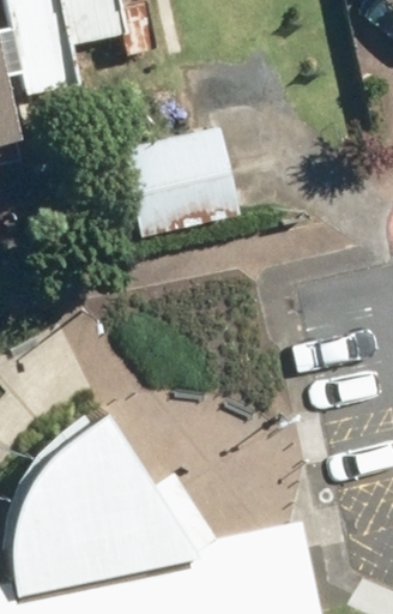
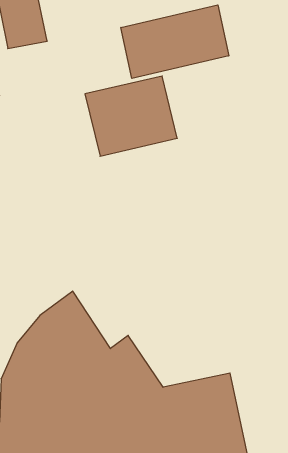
building: none -> [121,5,229,78]

